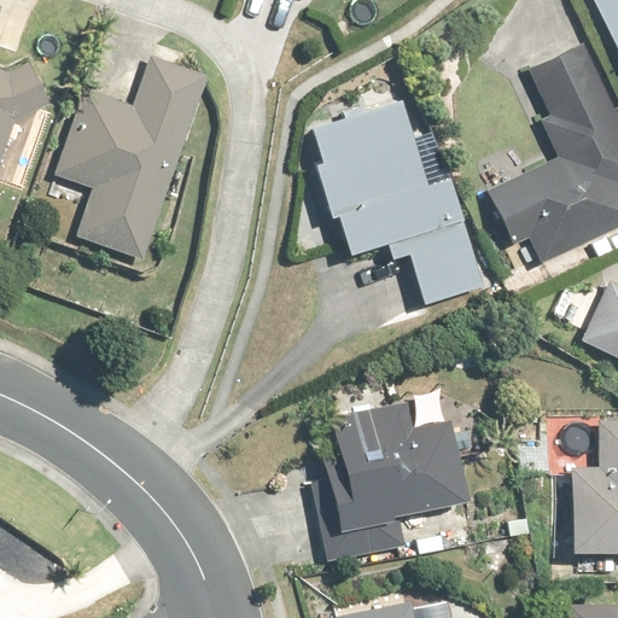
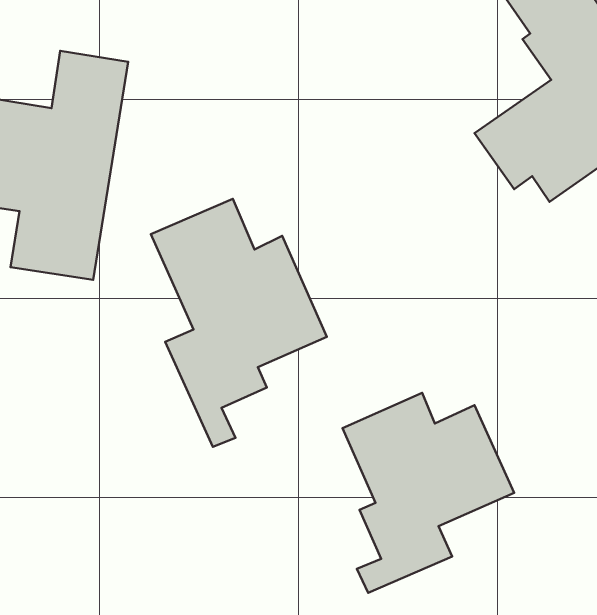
building: [315,101,484,303] -> none
building: none -> [151,199,327,447]

